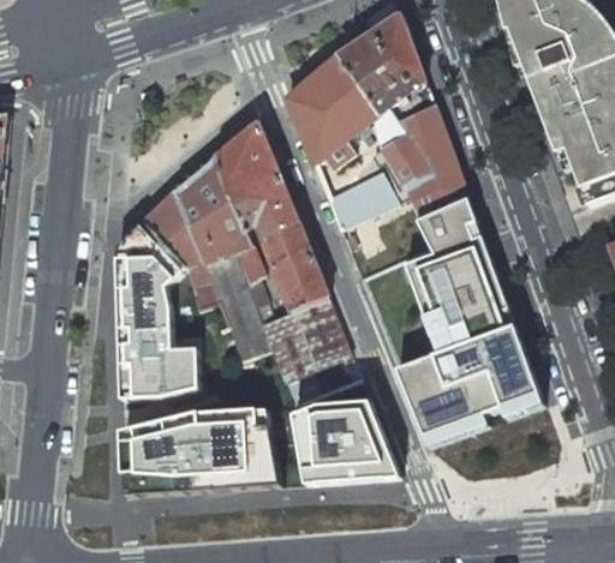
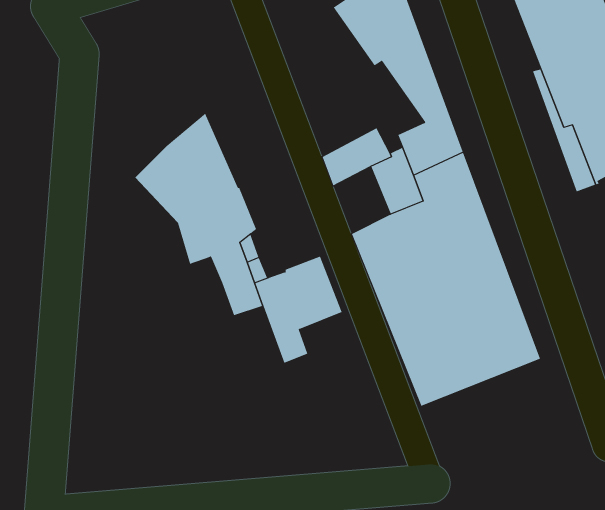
building: [286,53,429,178] -> none
building: [214,119,329,310] -> none
building: [117,220,198,396] -> none
building: [294,401,400,481] -> none
building: [123,408,279,493] -> none

